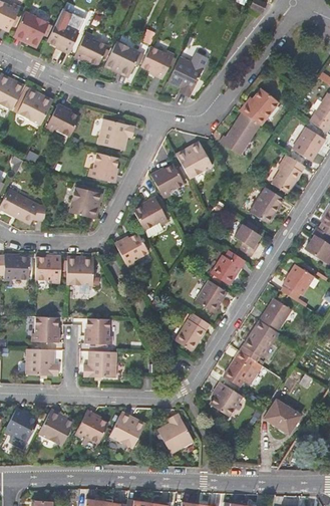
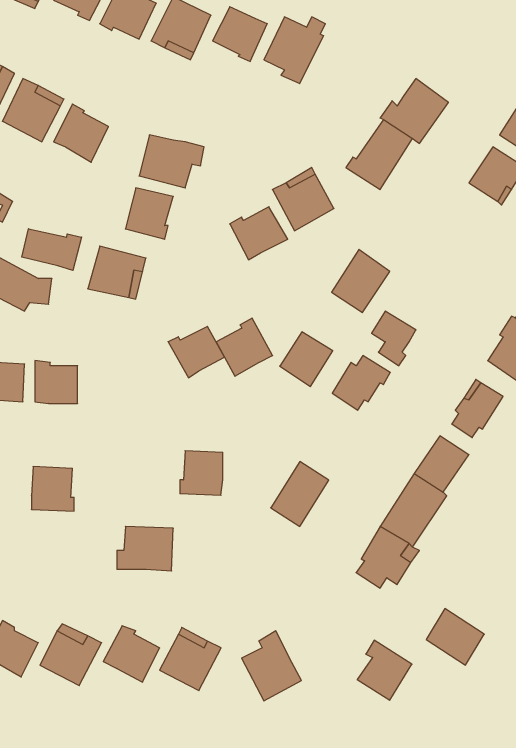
building: [271,154,304,193] -> none
building: none -> [22,229,82,270]
building: [249,186,283,223] -> [332,249,390,313]
building: [133,195,167,229] -> [216,318,273,376]
building: [66,254,92,283] -> none
building: [195,280,226,312] -> [280,332,333,387]
building: [85,317,110,343] -> [180,451,223,495]
building: [26,347,58,374] -> none
building: [210,381,242,416] -> [357,640,412,700]

